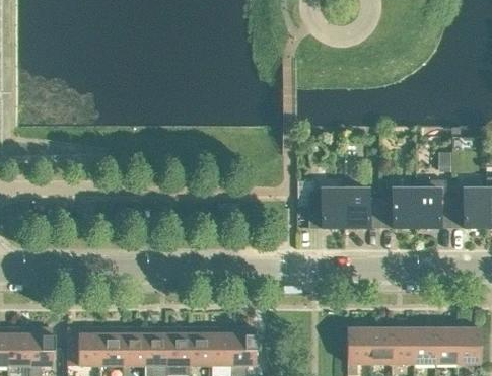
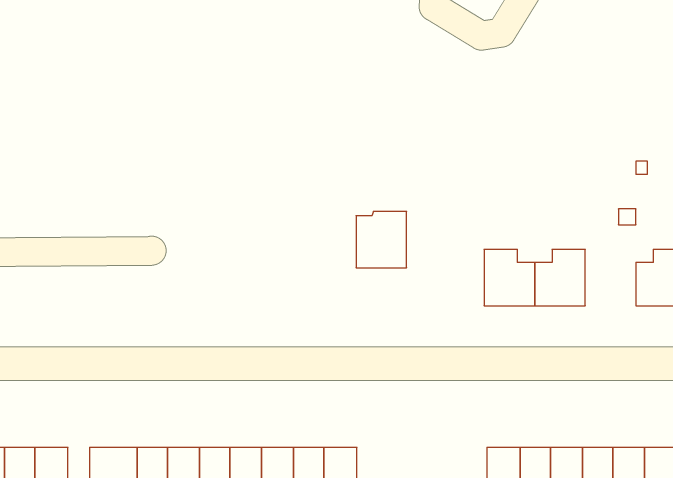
building: [416,181,451,229] -> none
building: [309,190,345,229] -> [356,211,407,268]

